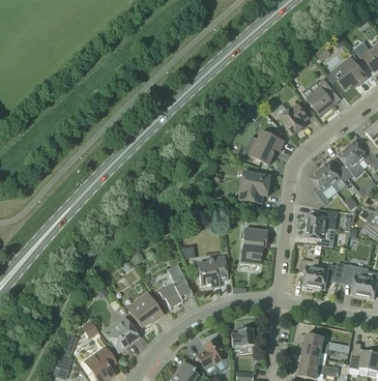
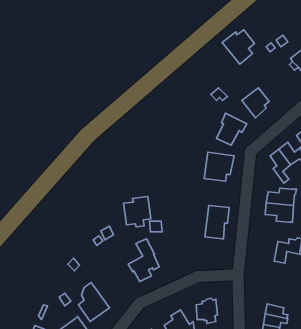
building: [301,78,336,114] -> [222,30,254,64]
building: [198,255,227,287] -> [124,196,151,227]
building: [299,257,319,287] -> none
building: [127,292,163,325] -> none

